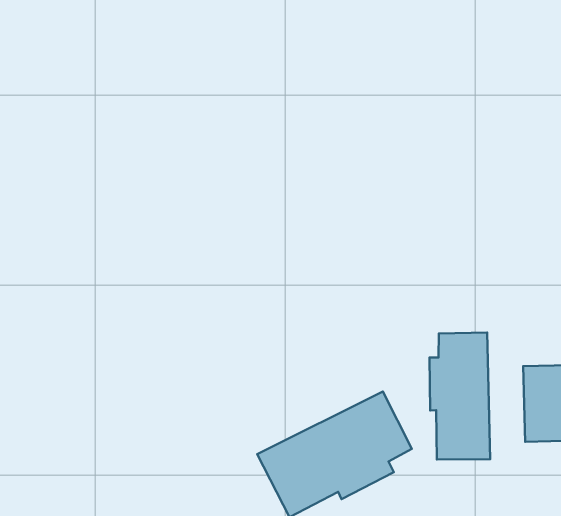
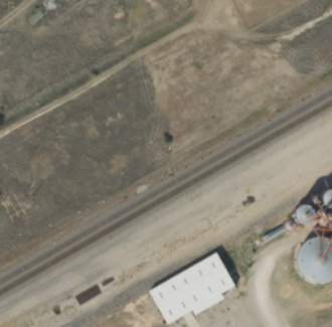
building: [430,332,490,460] -> none

